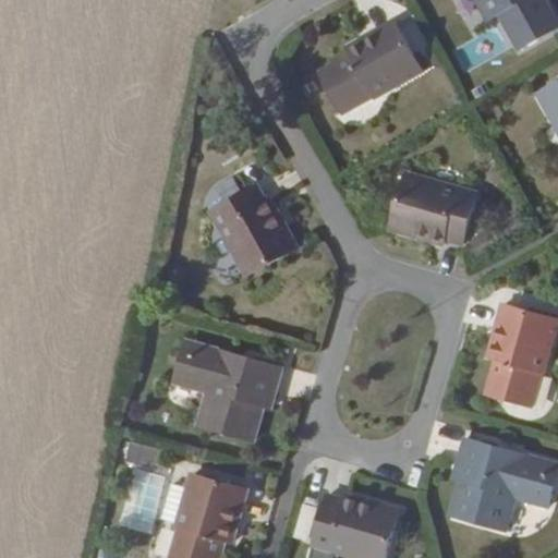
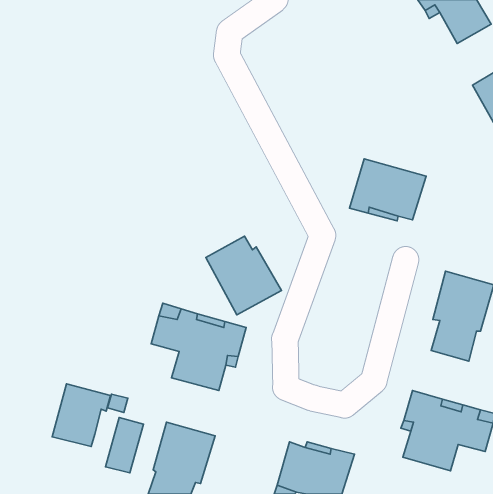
building: [319,21,421,110] -> none
building: [211,184,296,272] -> [206,236,281,315]
building: none -> [52,384,111,446]

